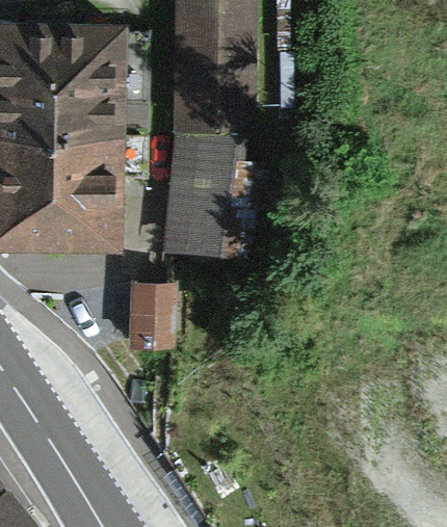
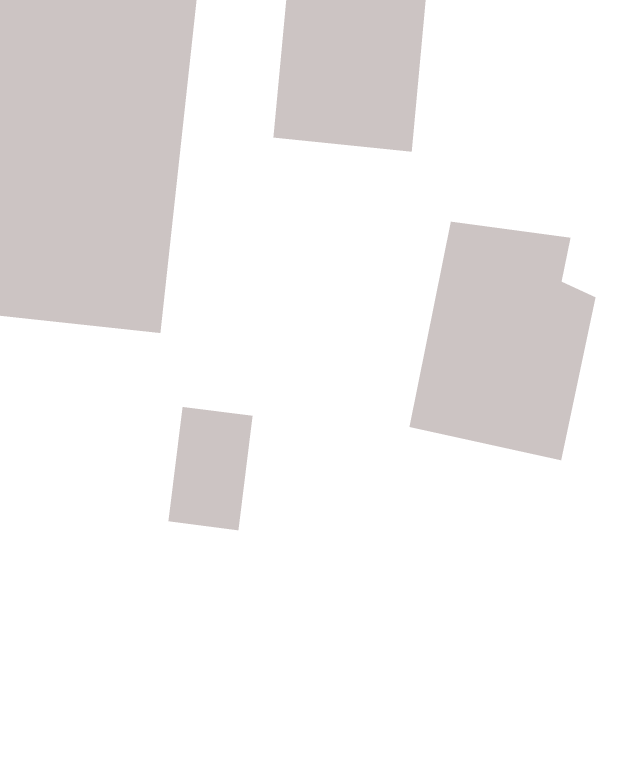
building: [162,139,262,269] -> [409,221,597,461]

